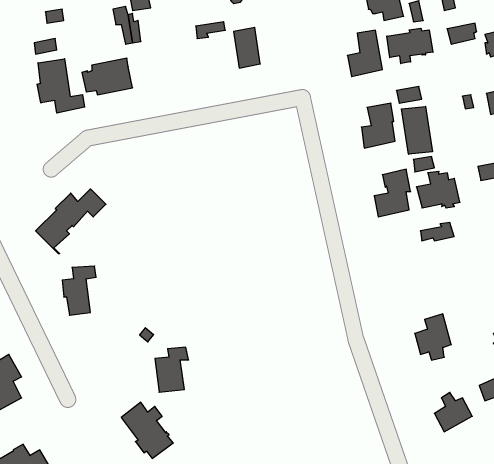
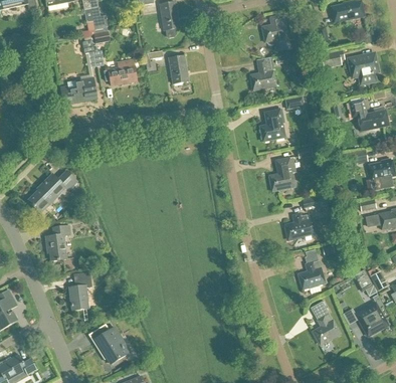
building: [387,28,433,64] -> none
building: none -> [104,58,137,84]
building: [37,59,85,113] -> none
building: [402,106,432,154] -> none
building: [416,171,460,208] -> [284,213,316,239]
building: [155,347,189,392] -> [68,277,92,310]

